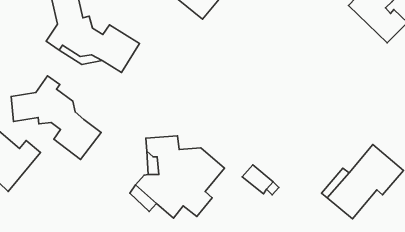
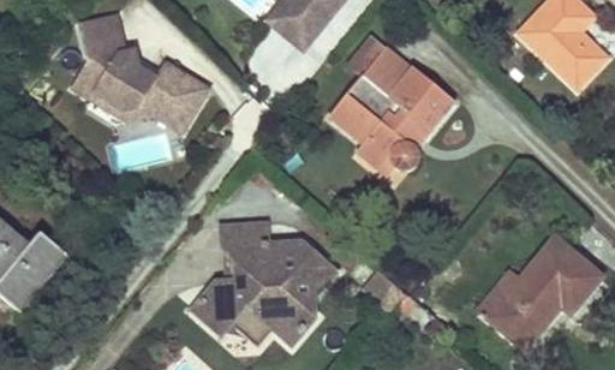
building: none -> [329,36,455,169]
building: [11,76,101,159] -> none

